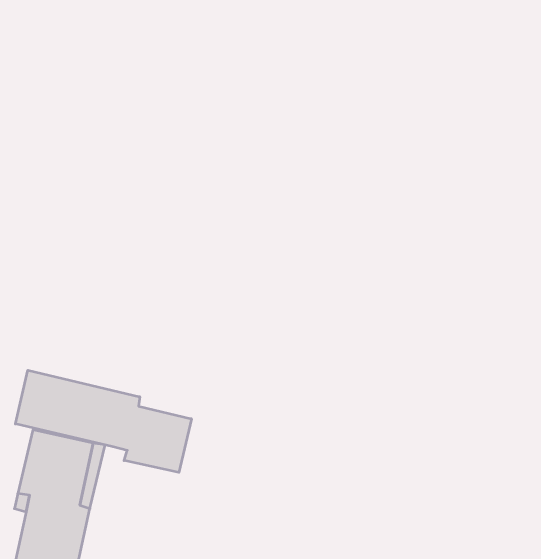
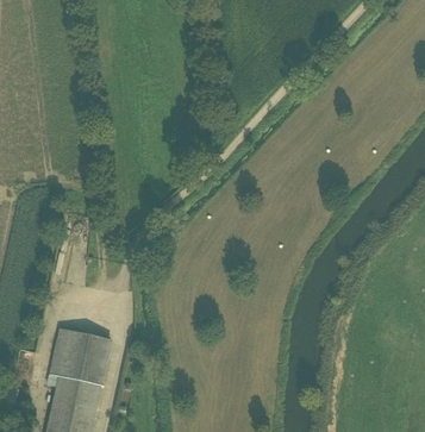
building: [15,370,191,472] -> none

